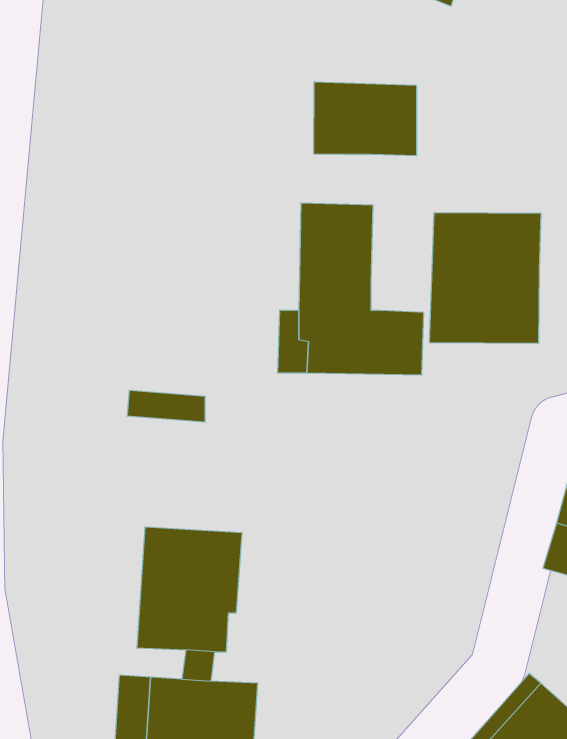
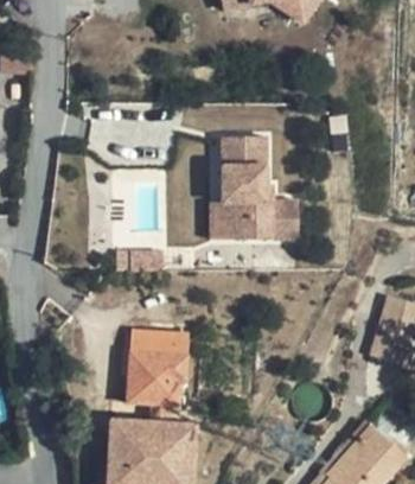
building: [314,82,417,156] -> none
building: [429,213,541,343] -> none

